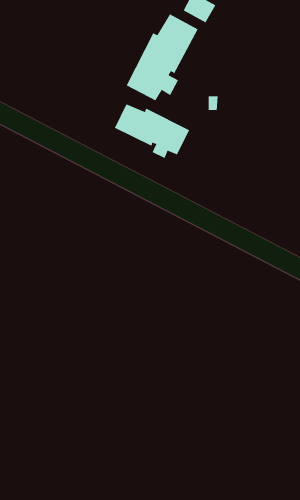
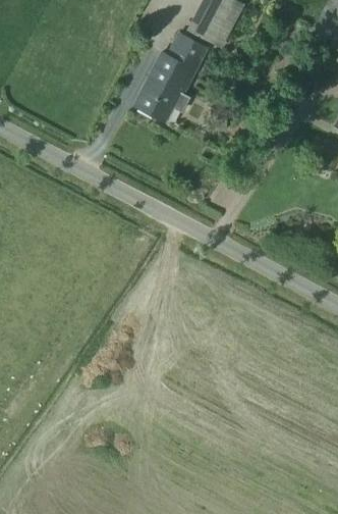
building: [114,103,190,159] -> none

